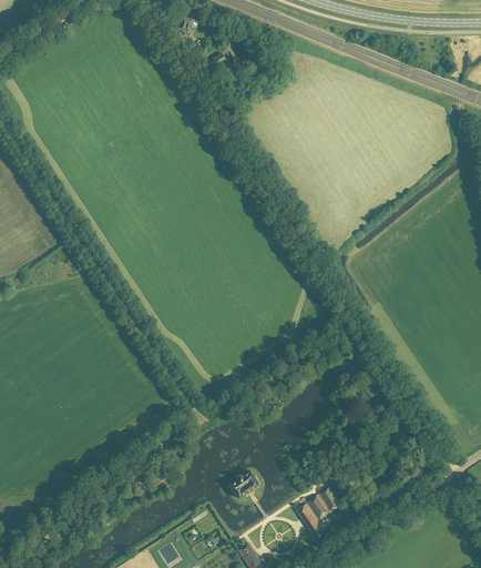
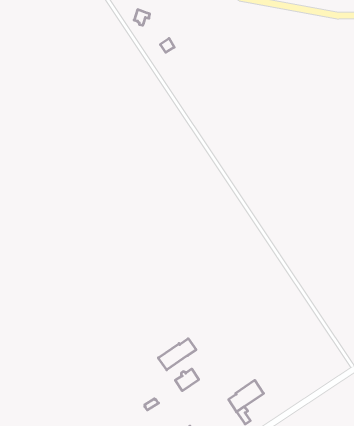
building: none -> [158,339,196,370]

